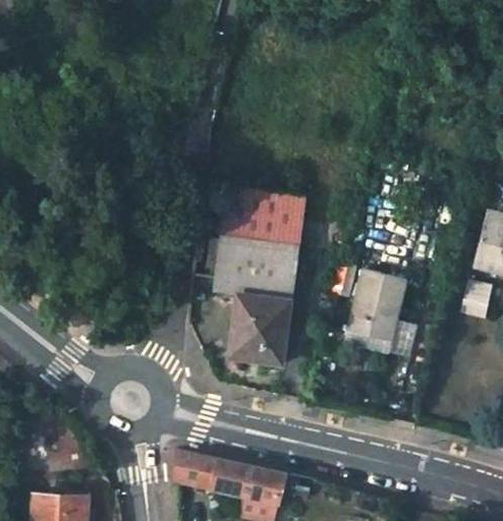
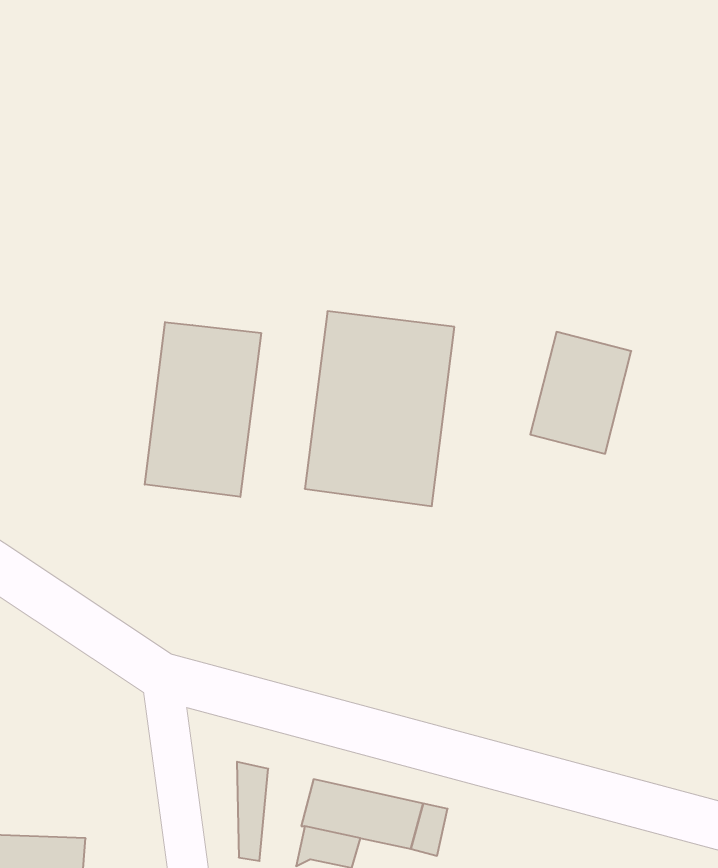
building: none -> [145,322,261,497]
building: [348,271,407,342] -> [530,332,631,454]
building: [229,294,290,365] -> none

